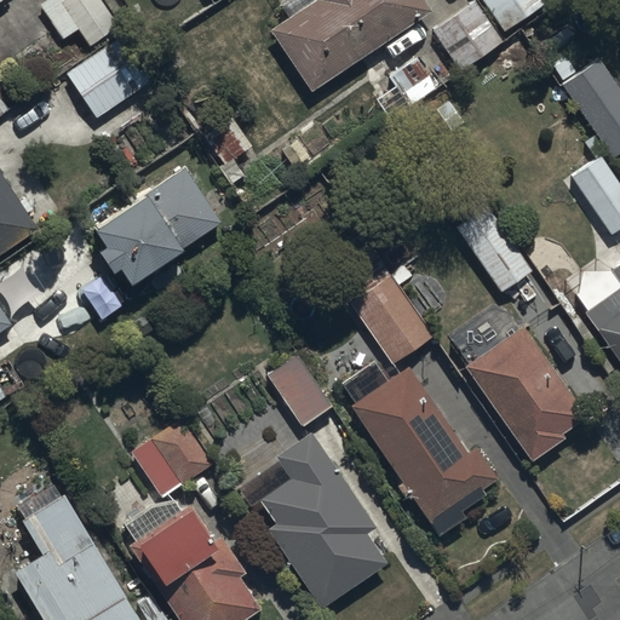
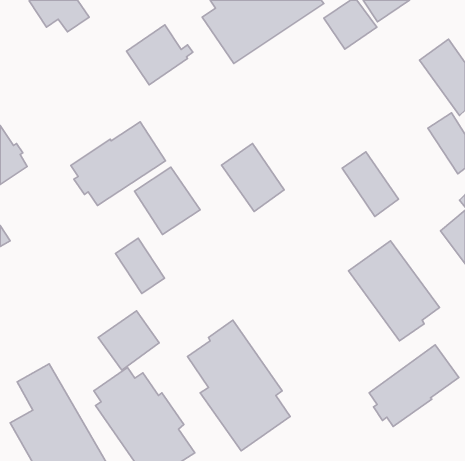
building: [67,39,155,119] -> [126,25,193,85]
building: none -> [134,167,200,235]
building: [349,274,432,364] -> [221,143,284,212]
building: [266,354,332,427] -> [115,238,164,294]
building: [339,358,499,535] -> none
building: none -> [369,345,459,426]

